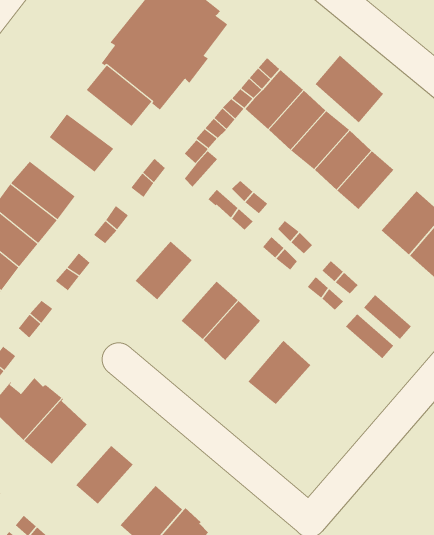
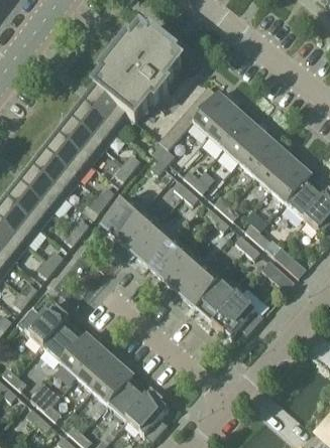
building: [315,55,384,123] -> none
building: none -> [70,105,114,145]
building: none -> [44,137,89,177]
building: none -> [268,159,308,200]
building: none -> [100,193,140,235]
building: none -> [131,220,172,262]
building: none -> [178,262,217,303]
building: none -> [210,292,262,334]
building: none -> [60,332,100,374]
building: none -> [91,359,130,401]

